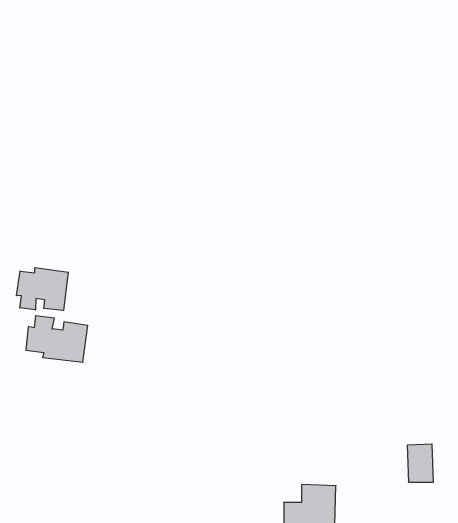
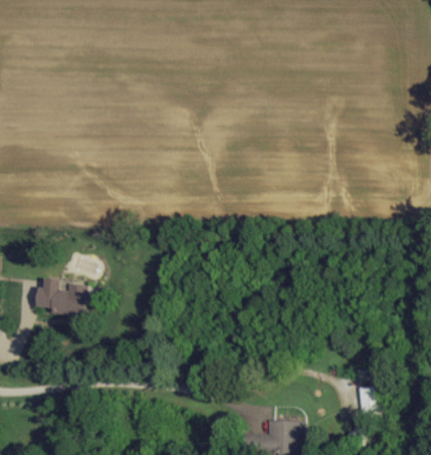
building: [16,268,68,310] -> none

